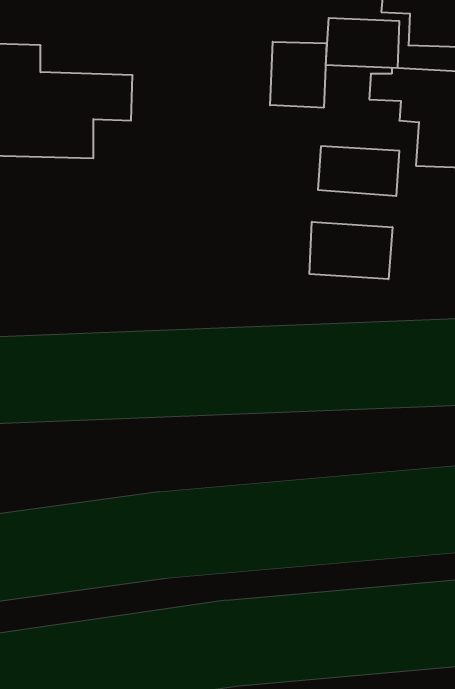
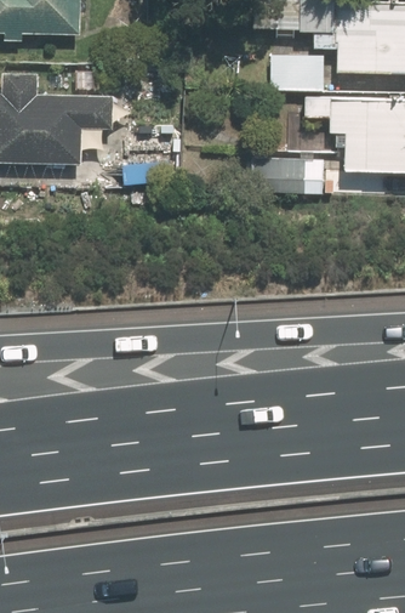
building: [270,42,326,108] -> none
building: [310,222,392,279] -> none

